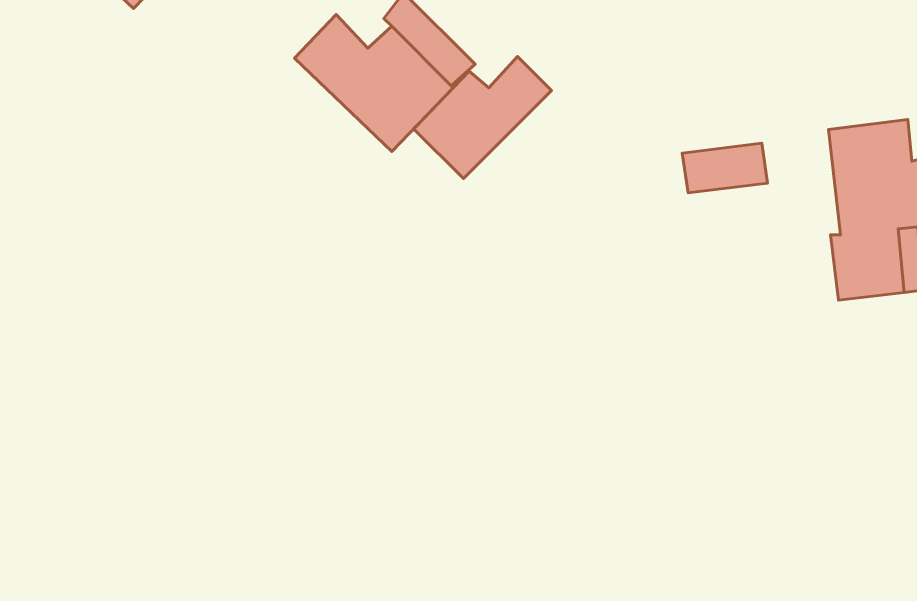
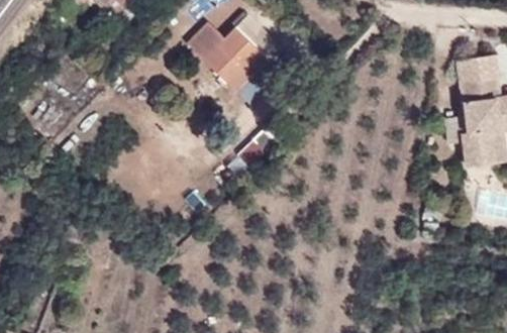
building: [414,56,552,178] -> none
building: [682,143,768,193] -> [457,54,500,80]

